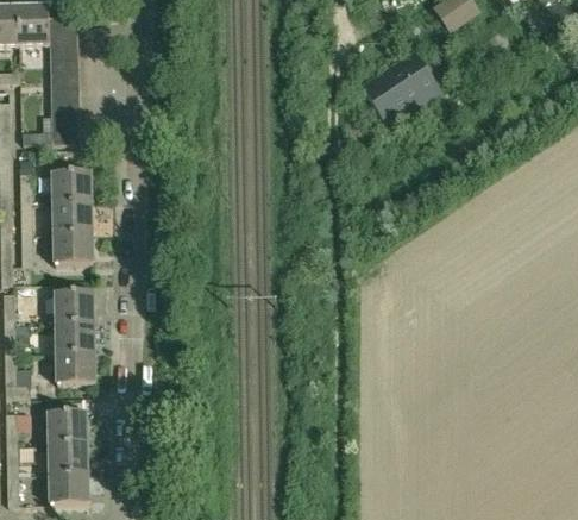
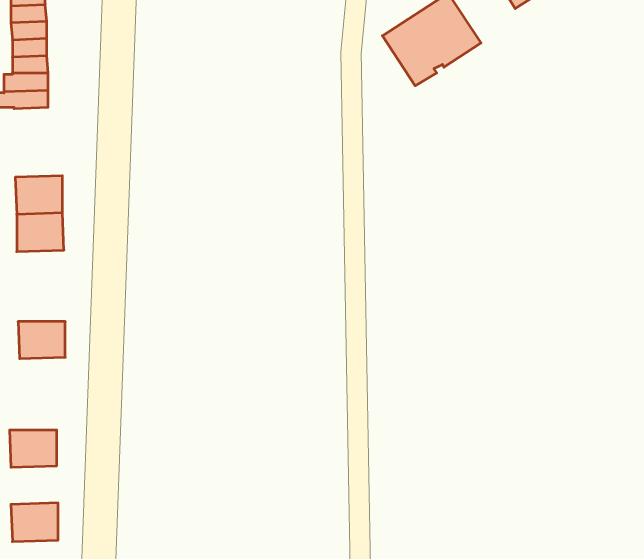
building: [50,170,90,201] -> none
building: [54,290,93,321] -> none
building: [55,351,94,383] -> none
building: [48,441,87,474] -> none

